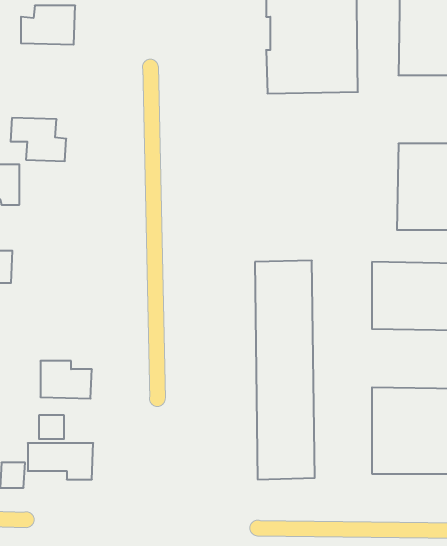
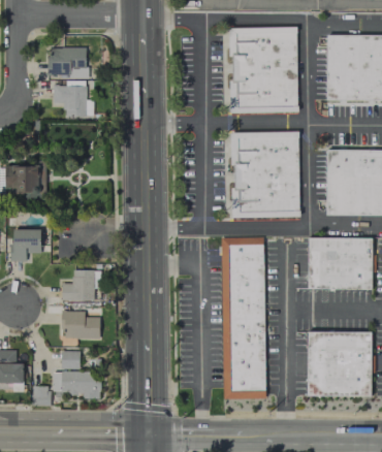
building: [11,118,66,161] -> [53,85,94,117]
building: none -> [230,132,299,218]
building: none -> [61,269,101,300]

